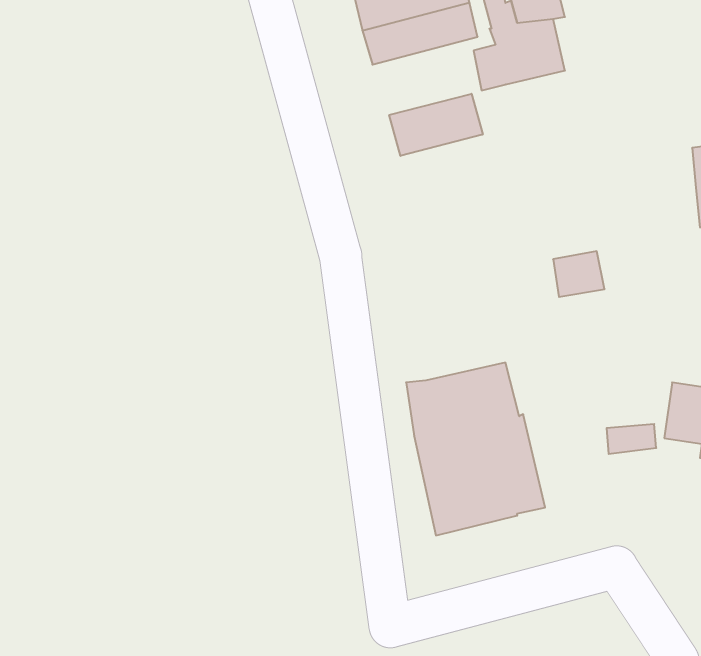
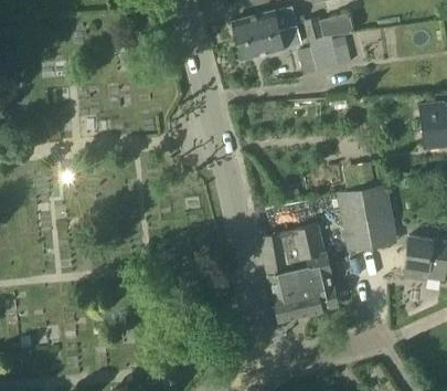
building: [389,94,483,156] -> none
building: none -> [338,182,397,251]

